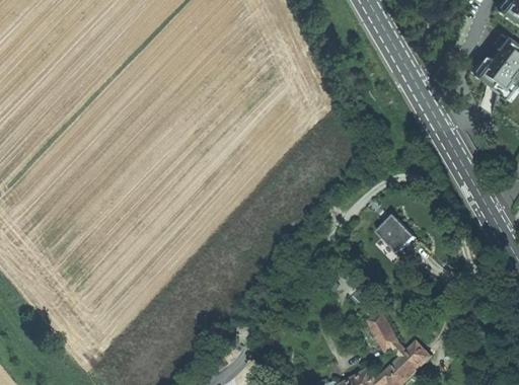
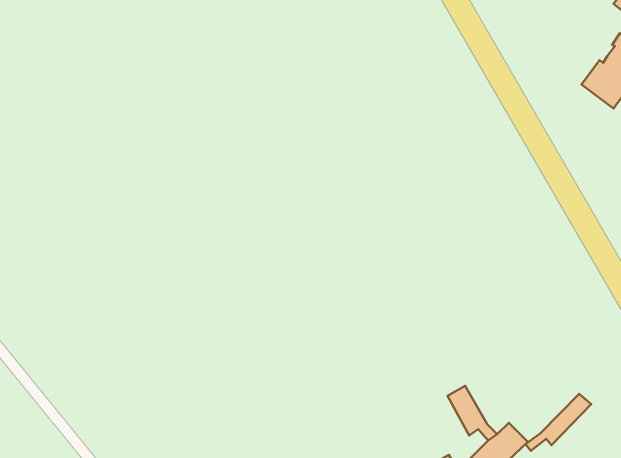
building: [378,214,421,257] -> none
building: none -> [526,394,591,451]

